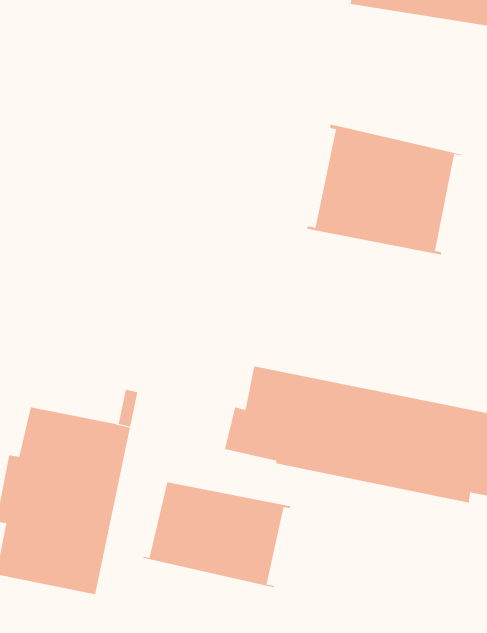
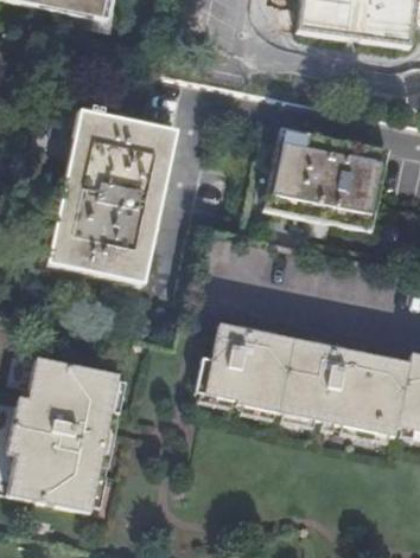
building: none -> [47,107,177,286]
building: [142,480,291,588] -> none

